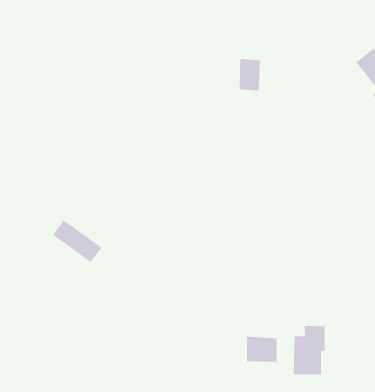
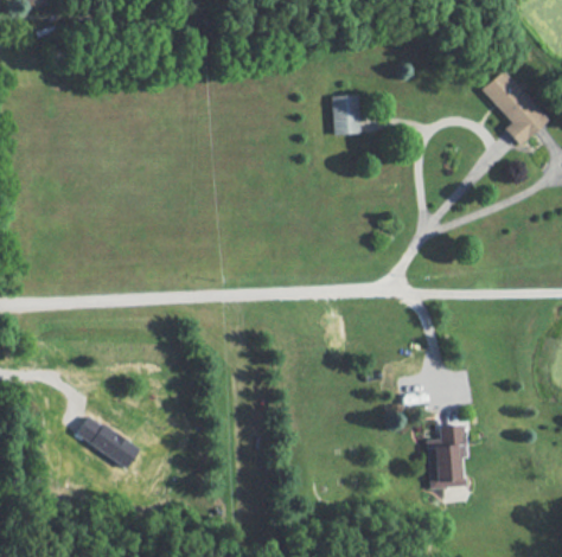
building: [53,220,102,263] -> [77,416,141,468]
building: [247,336,277,363] -> none

